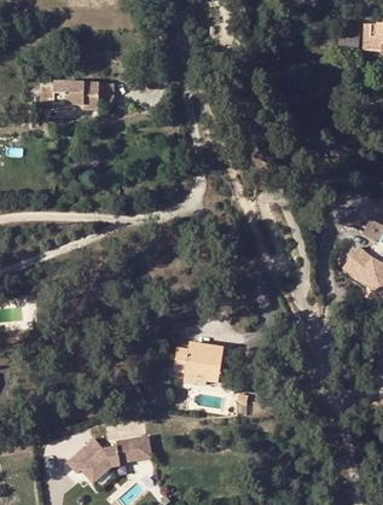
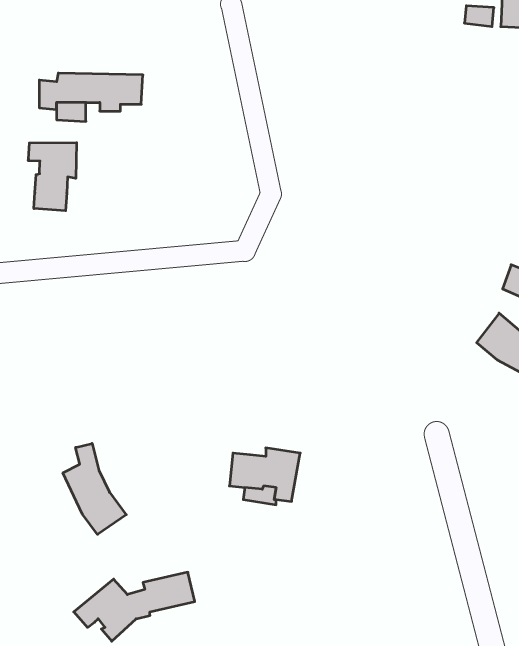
building: none -> [28,143,77,211]
building: none -> [63,443,126,534]

